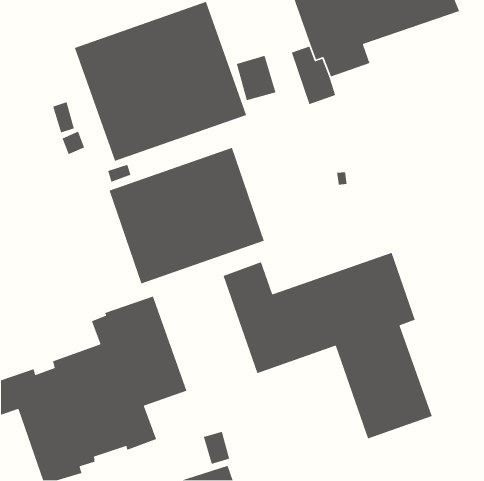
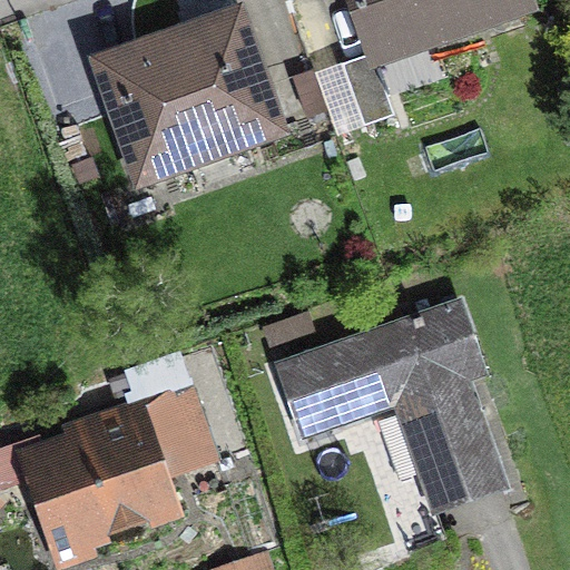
building: [109,147,265,284] -> none

